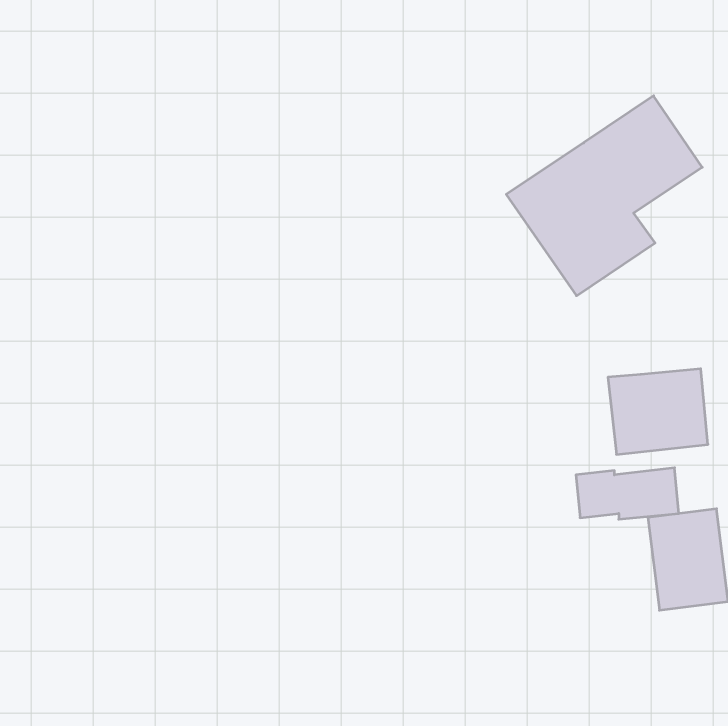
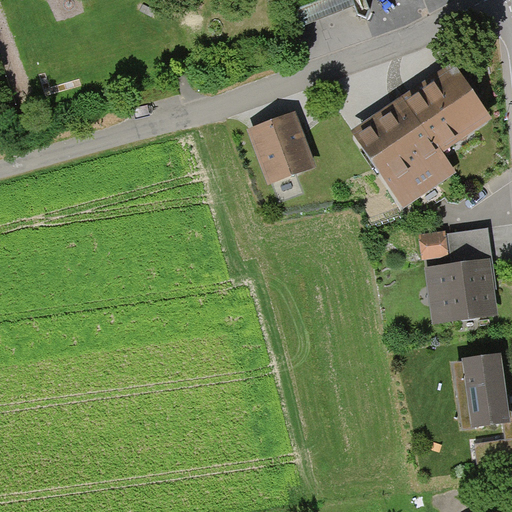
building: none -> [251,115,315,185]
building: [576,468,679,519] -> [418,226,490,262]

